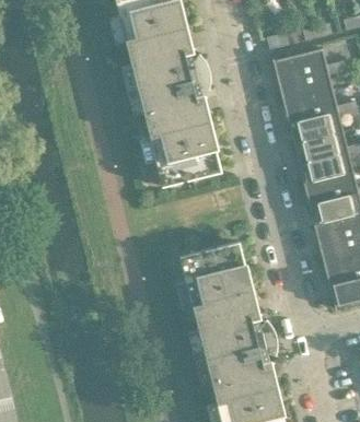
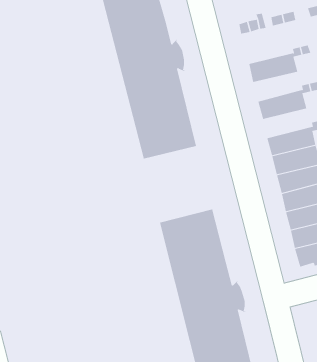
building: [274,48,328,82] -> none
building: [283,91,338,124] -> none
building: [294,131,349,164] -> none

